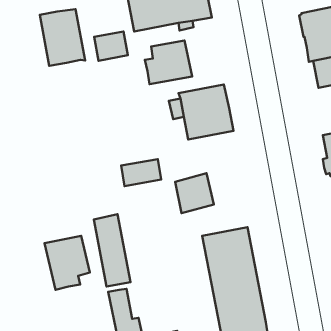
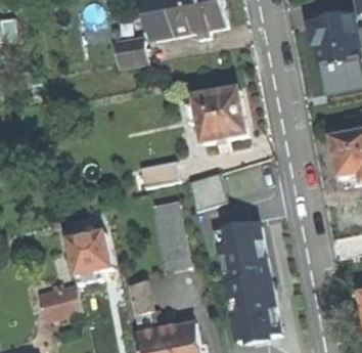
building: [40,9,85,66] -> none
building: [145,40,192,84] -> none
building: [94,214,130,287] -> [153,202,188,270]
building: none -> [38,285,81,318]

